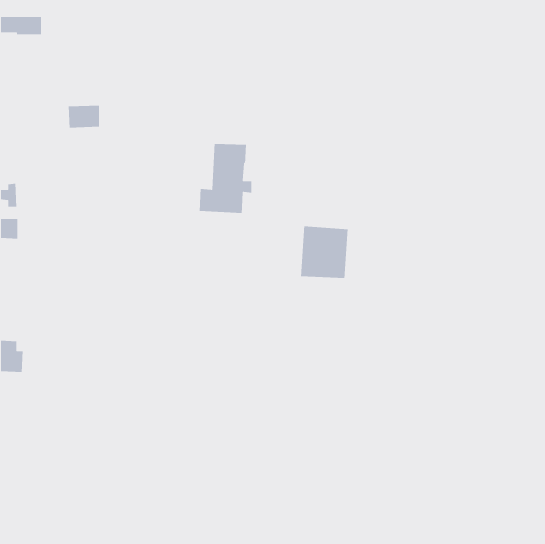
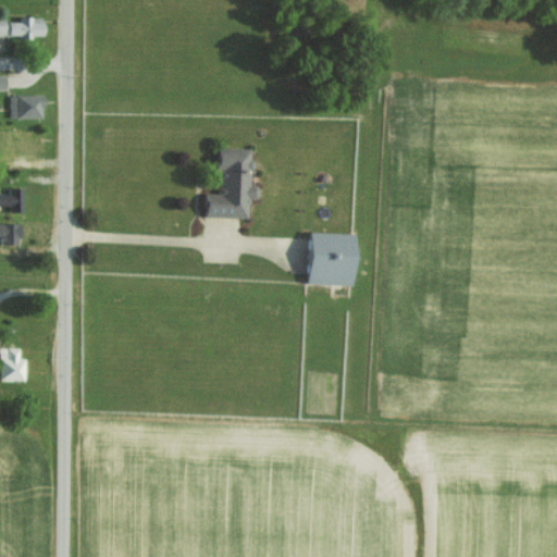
building: [68,105,100,128] -> [9,96,41,120]

